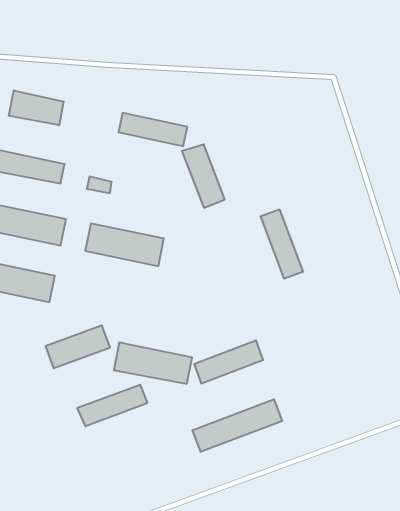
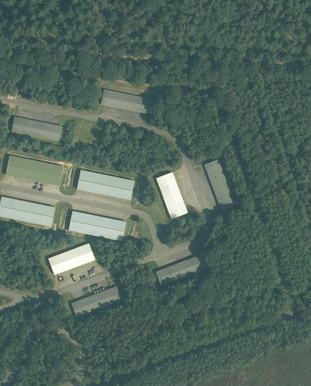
building: [9,90,64,125] -> none
building: [182,144,225,208] -> [155,172,186,218]
building: [114,342,192,384] -> [68,210,125,240]
building: [192,399,282,452] -> none

